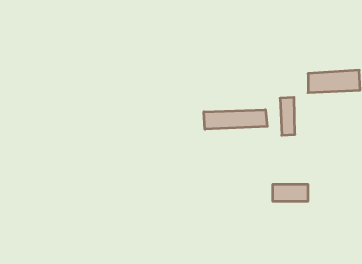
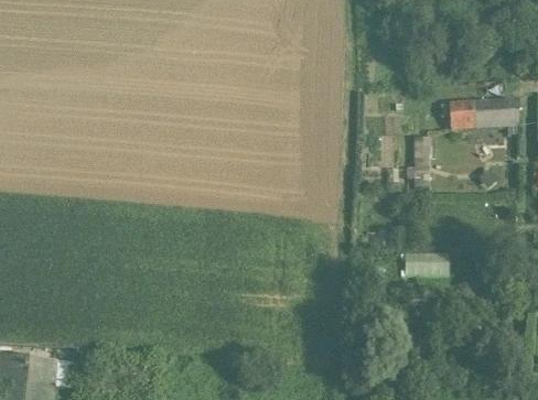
building: [204,110,267,129] -> none

